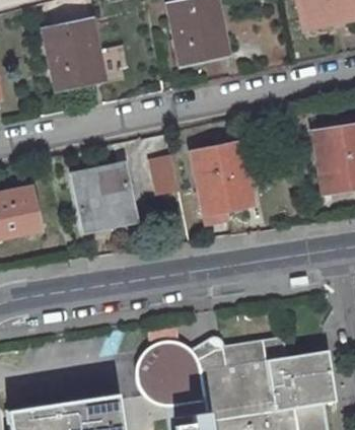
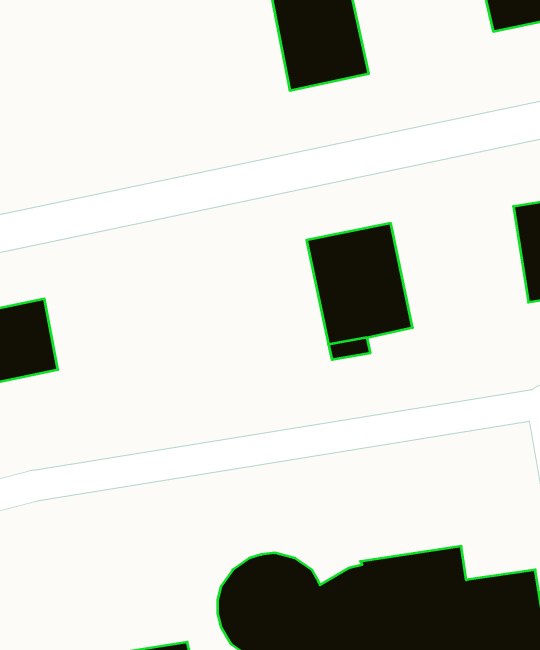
building: [45,20,104,87] -> none
building: [151,156,180,196] -> none
building: [74,165,132,225] -> none

